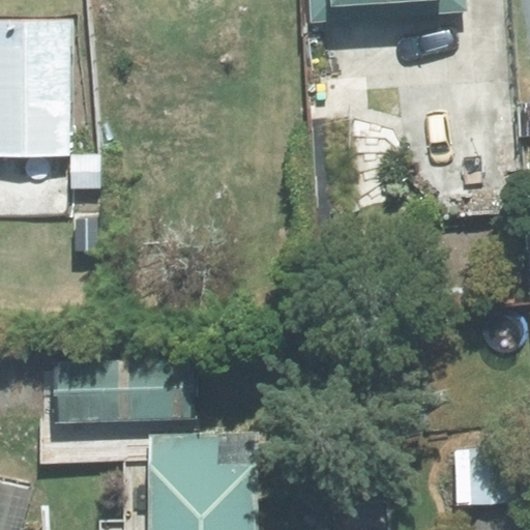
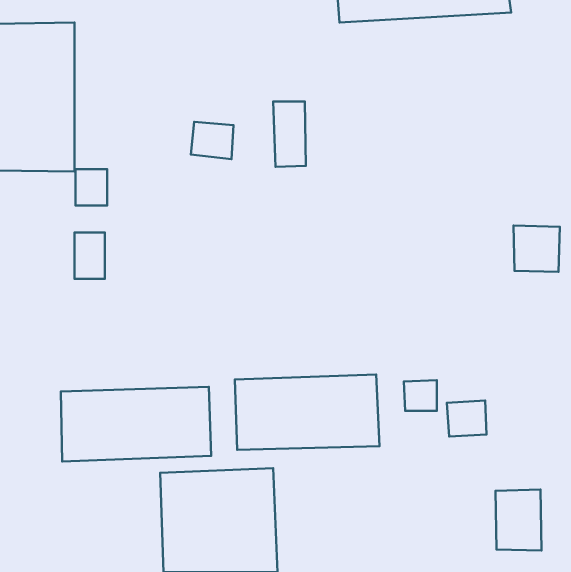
building: none -> [235,374,380,450]

